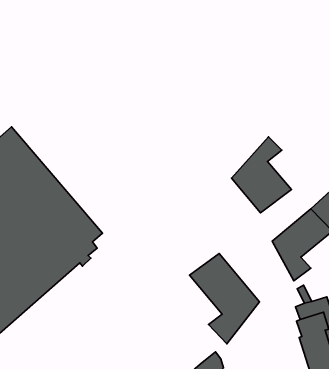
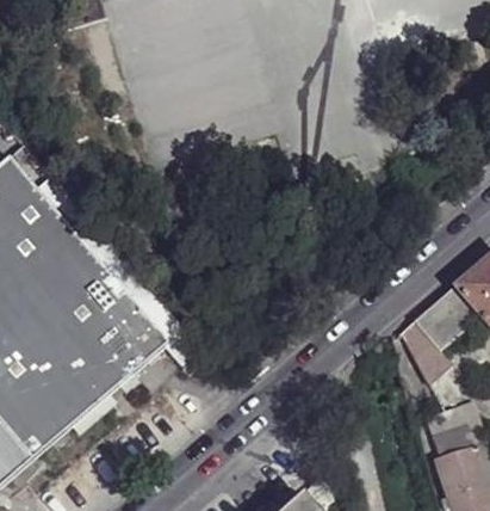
building: [231,137,291,213] -> none
building: [189,254,259,344] -> none

